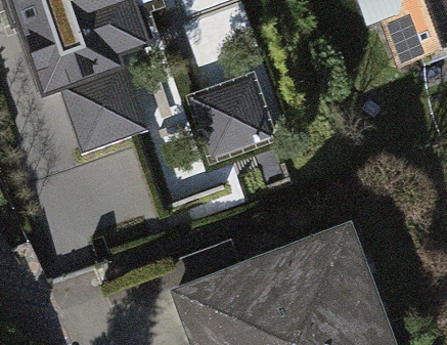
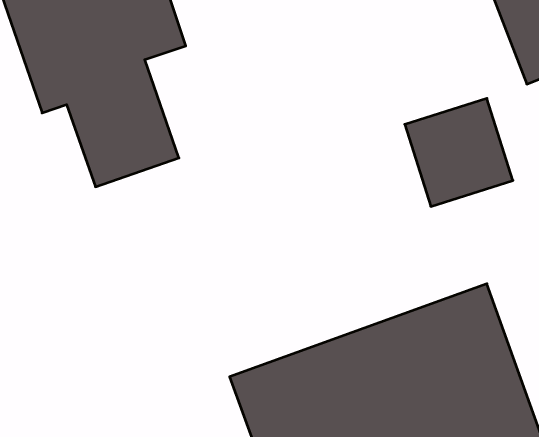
building: [190,77,271,158] -> [405,98,513,206]

